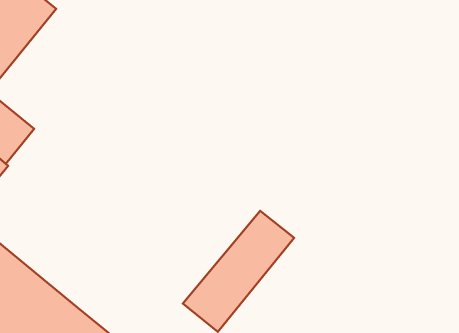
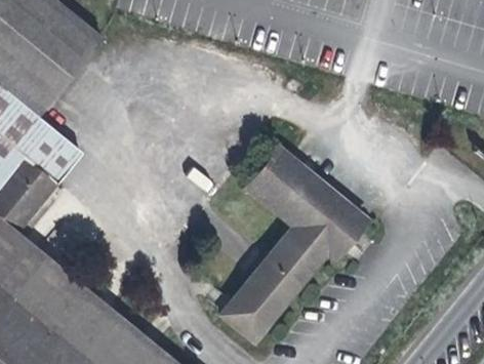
building: none -> [245,148,365,258]

